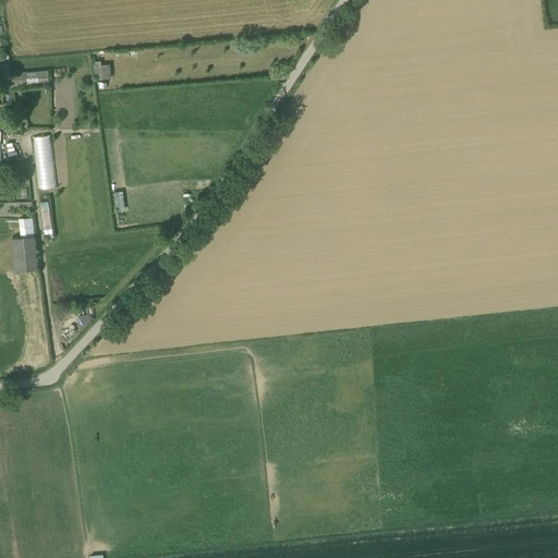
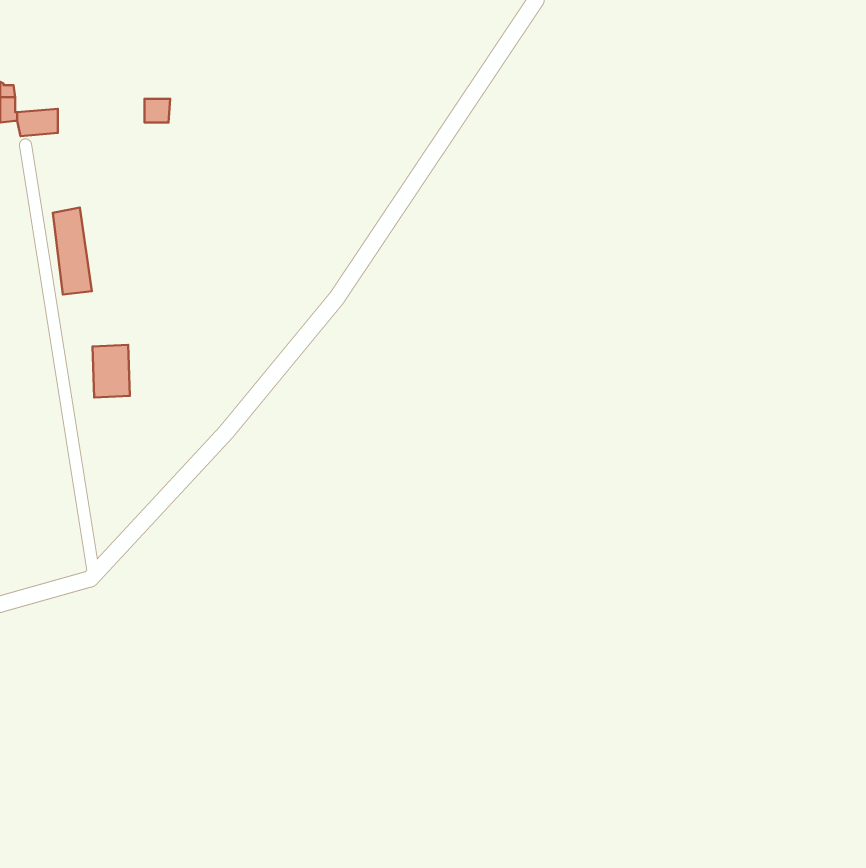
building: [11,236,35,270] -> [92,345,130,397]

